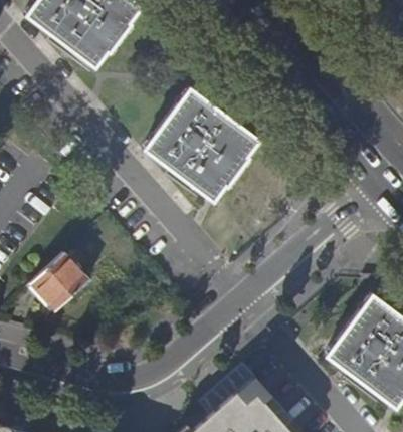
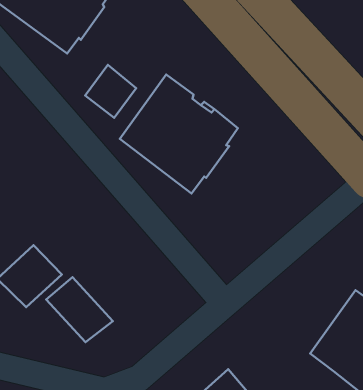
building: none -> [85,65,136,118]
building: none -> [46,277,113,342]

